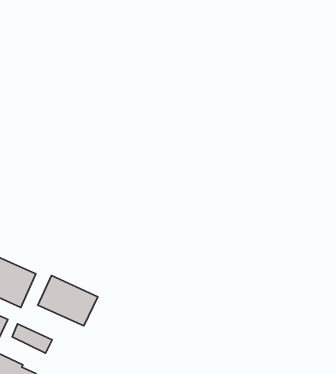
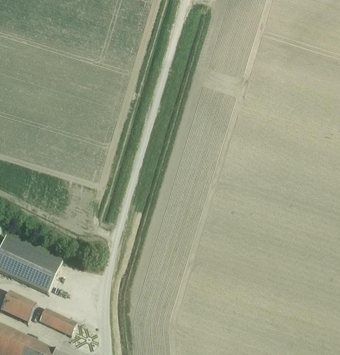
building: [38,275,98,326] -> none

